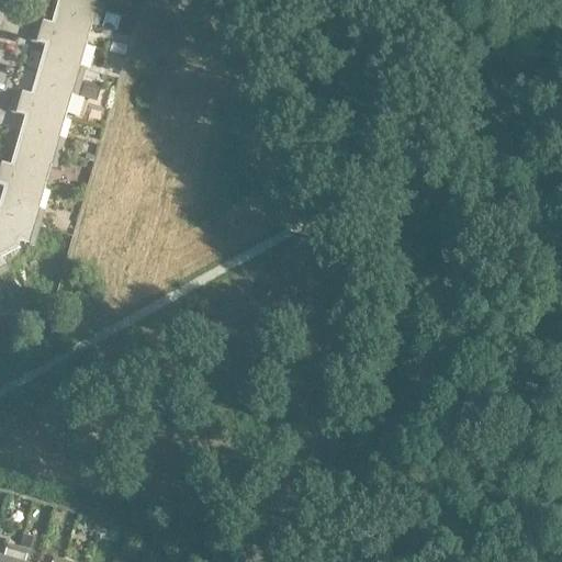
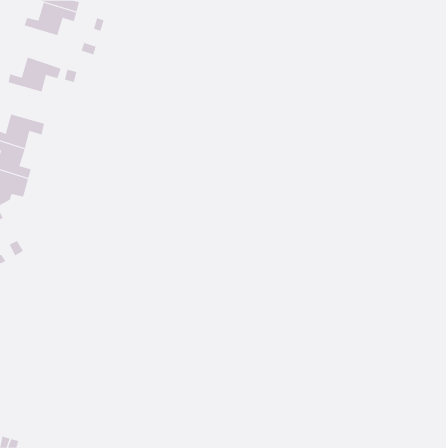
building: [27,32,80,86] -> none
building: [7,103,60,155] -> none

